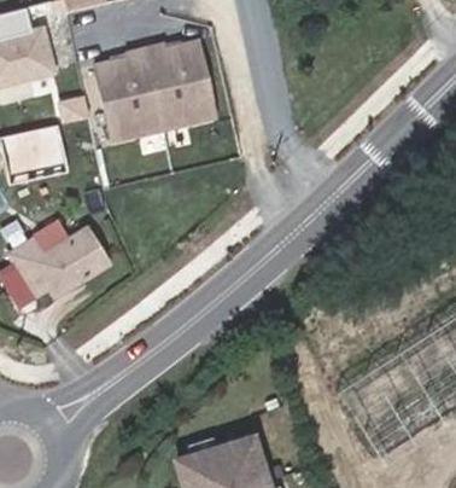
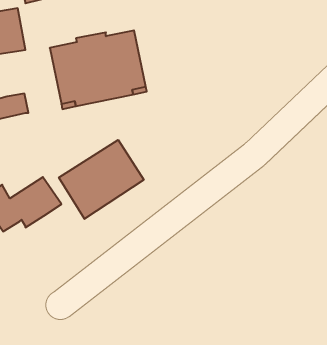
building: none -> [59,140,144,219]

